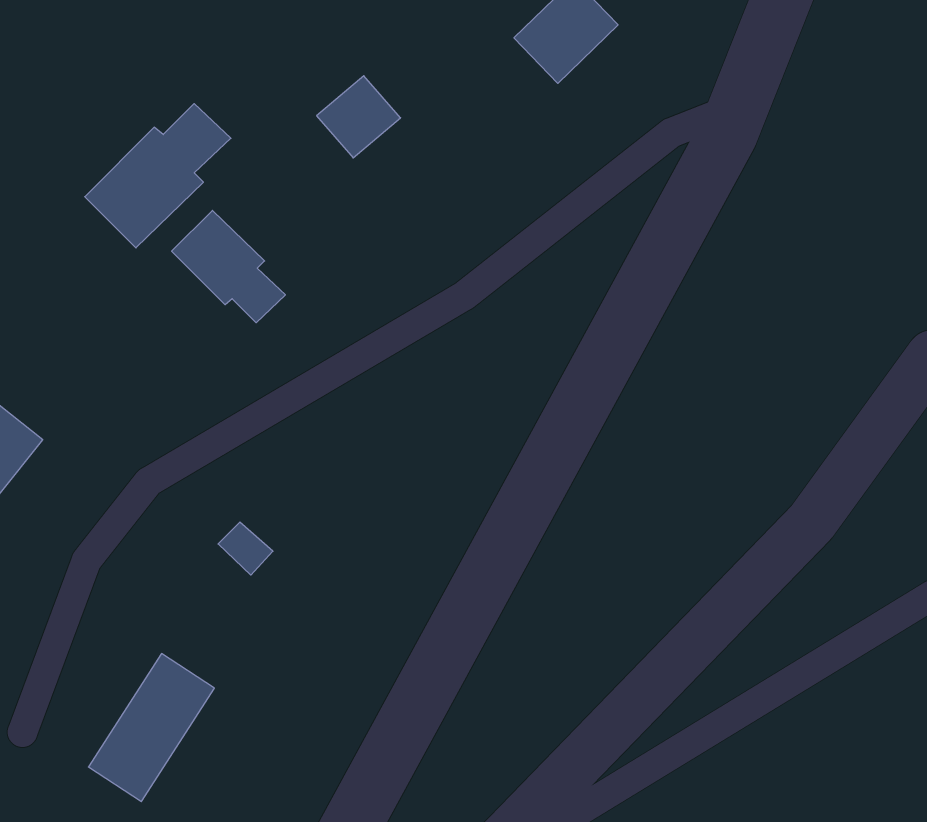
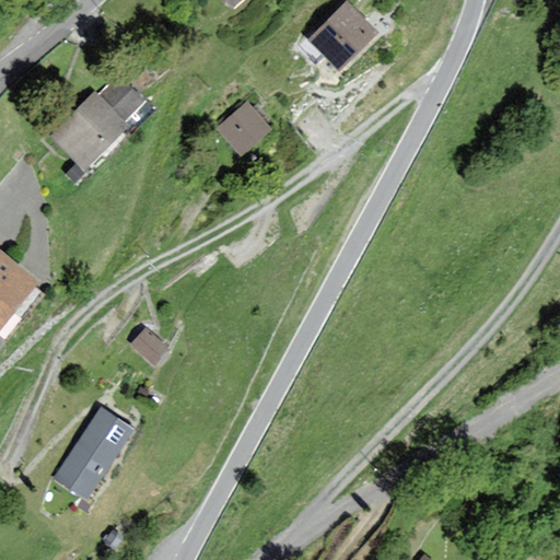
building: [317,76,401,158] -> [219,104,269,153]
building: [172,210,285,323] -> none

